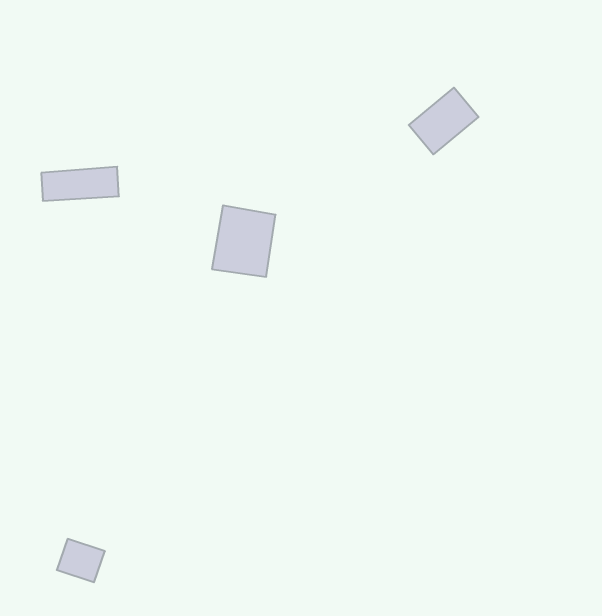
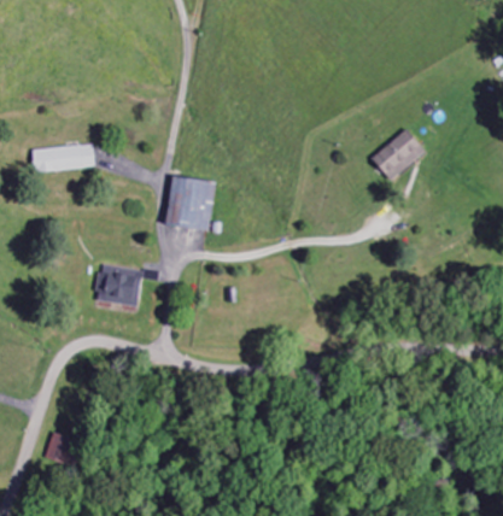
building: [409,88,479,154] -> [370,129,425,181]
building: none -> [99,269,141,305]

